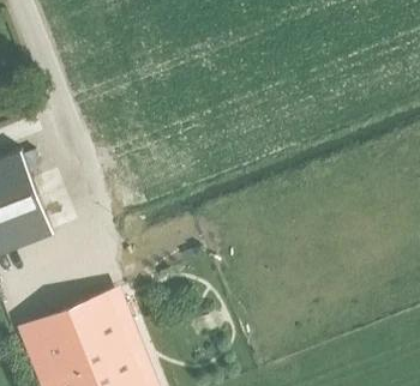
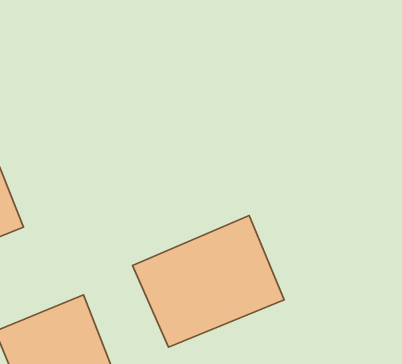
building: none -> [133,215,284,347]

